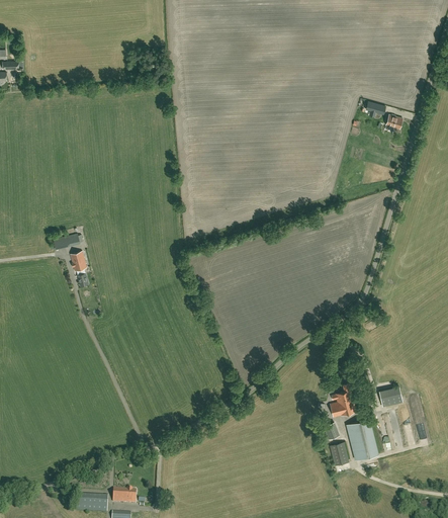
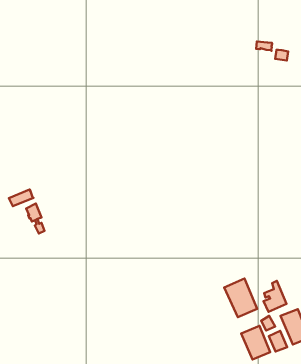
building: none -> [224,278,257,317]
building: none -> [241,326,270,359]

